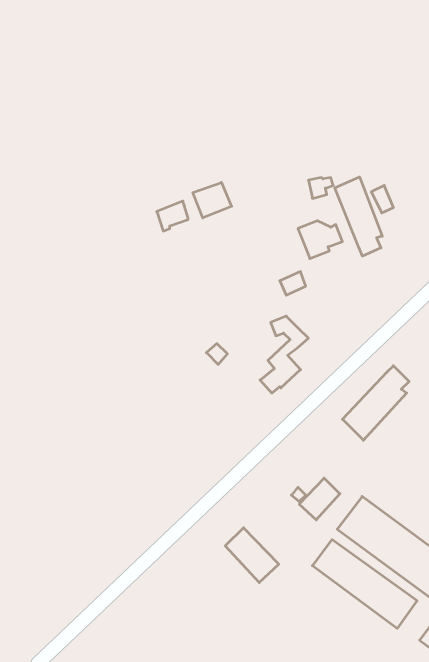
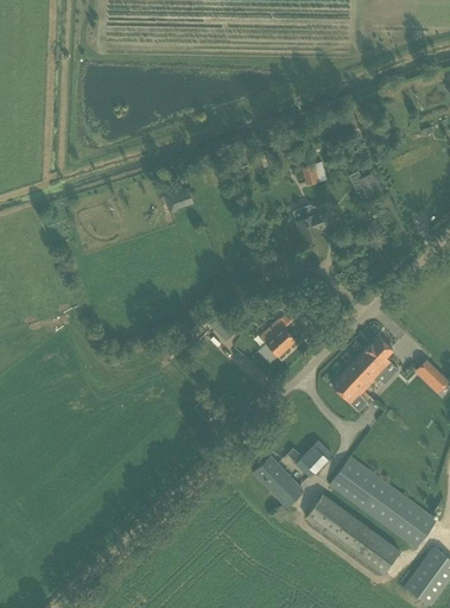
building: [335,177,382,256] -> none
building: [193,182,232,218] -> none
building: [225,528,279,583] -> [253,455,302,505]

